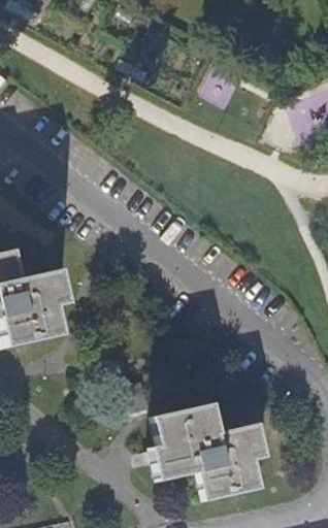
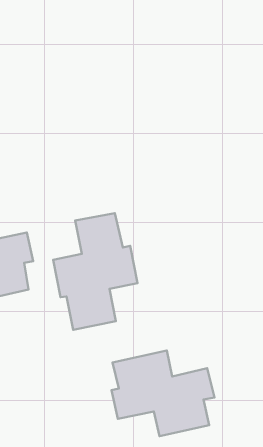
building: none -> [53,213,137,330]

